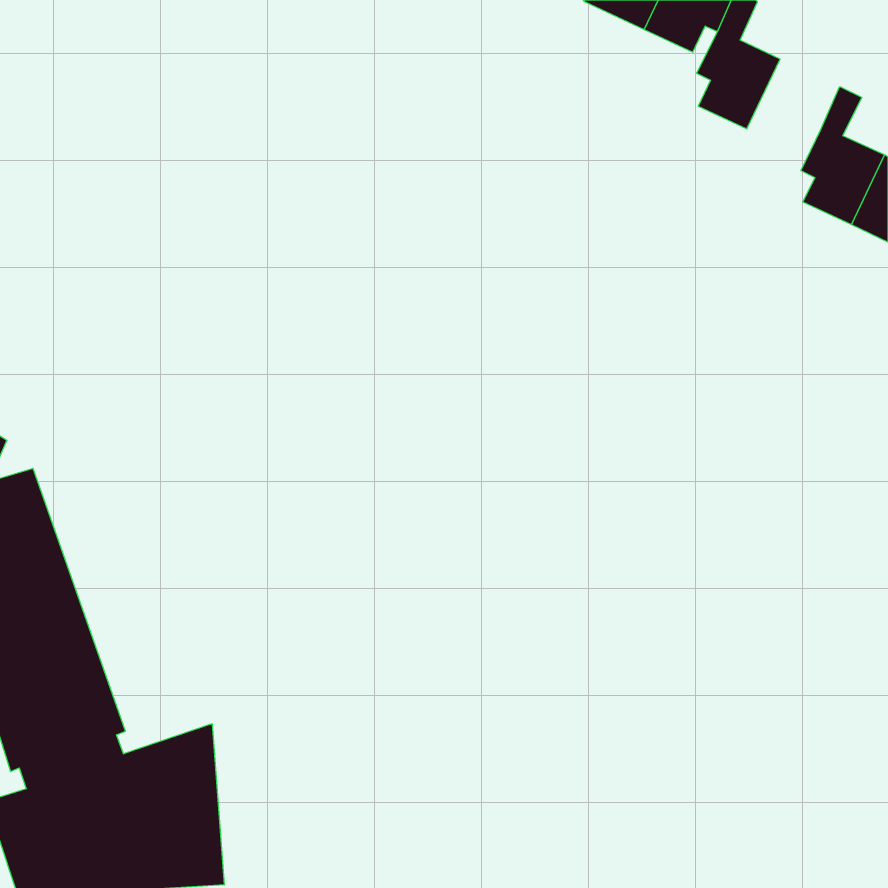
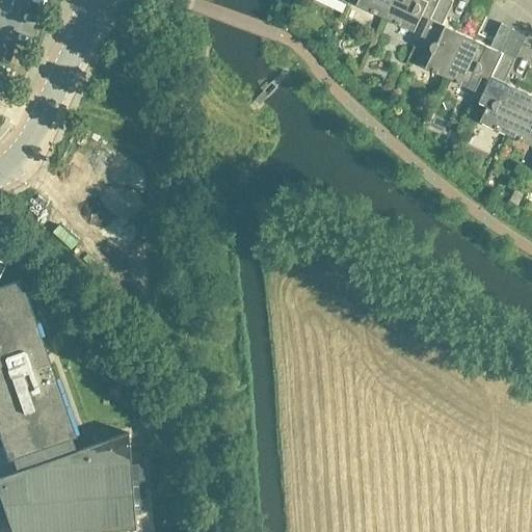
building: none -> [446,24,513,91]

